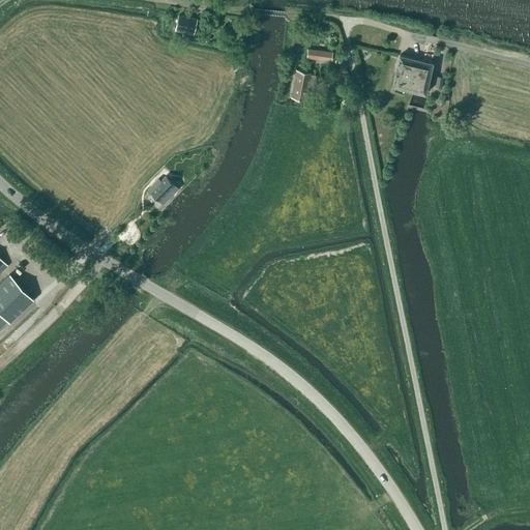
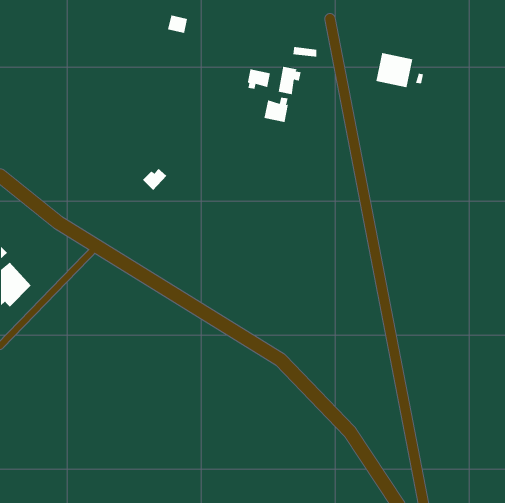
building: none -> [247,69,270,90]
building: none -> [264,97,289,123]

